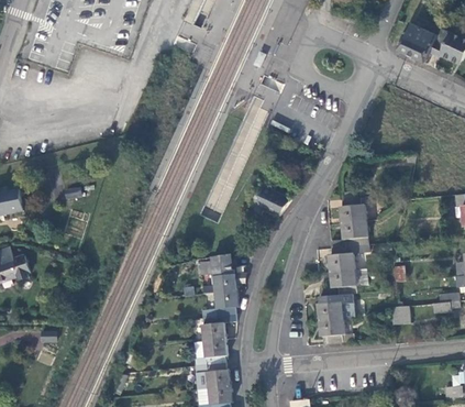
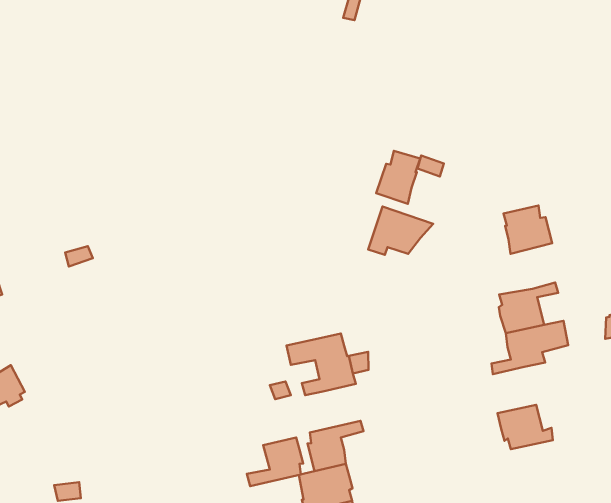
building: none -> [376,151,420,204]
building: [329,220,366,248] -> none
building: [201,292,236,318] -> [247,437,303,486]
building: [318,293,354,320] -> none

